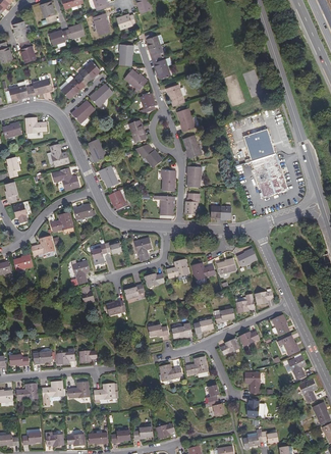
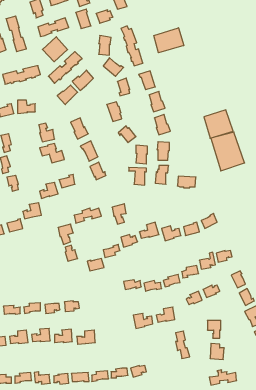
building: none -> [154,28,184,53]
building: none -> [42,37,68,62]

